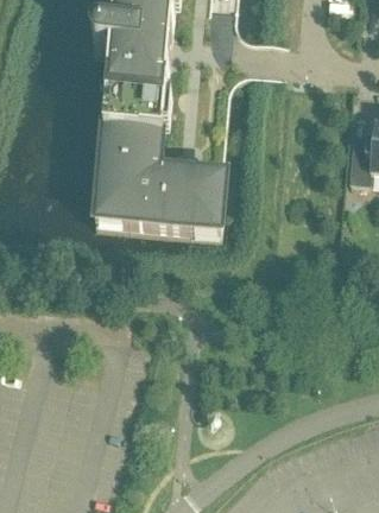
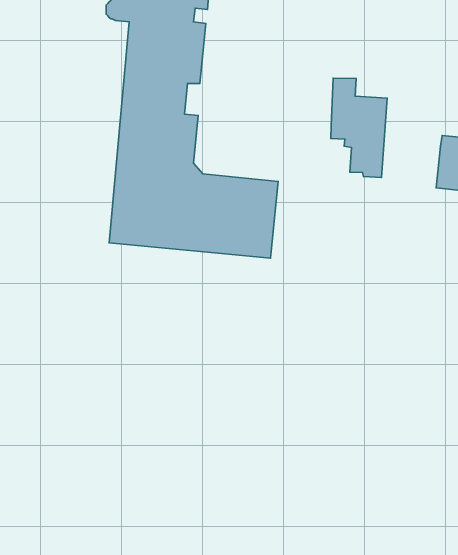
building: none -> [331,78,387,178]

